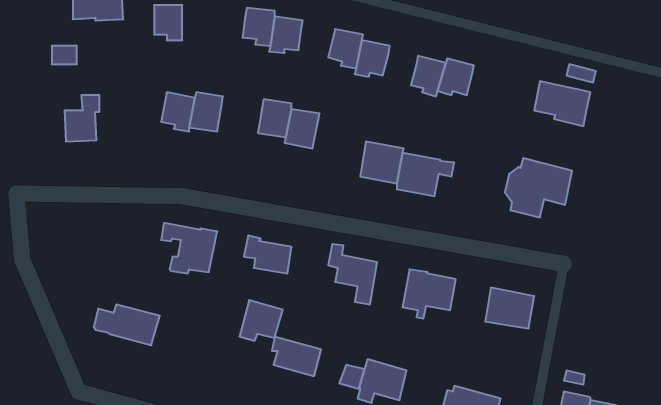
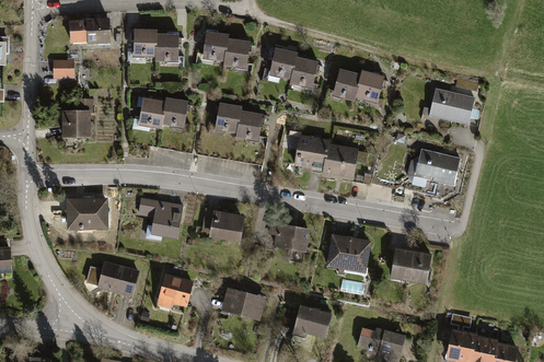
building: none -> [155,34,178,61]
building: none -> [68,199,106,227]
building: [239,300,283,341] -> [158,275,192,306]

